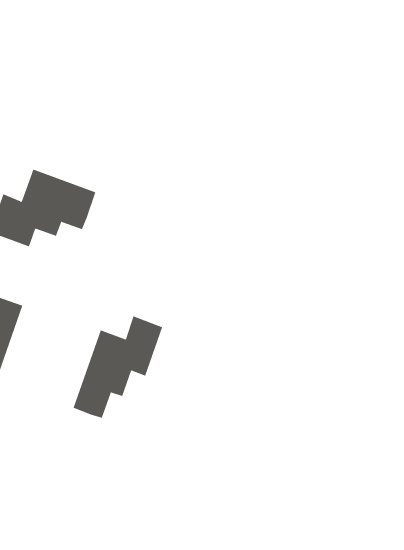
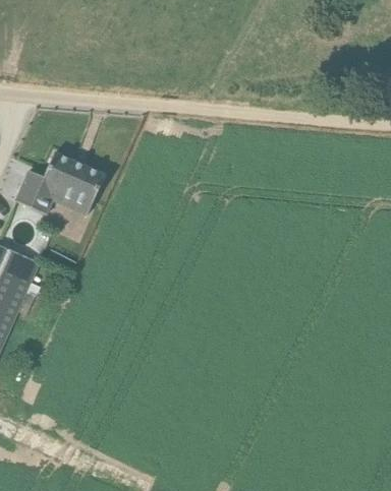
building: [73,316,163,419] -> none

